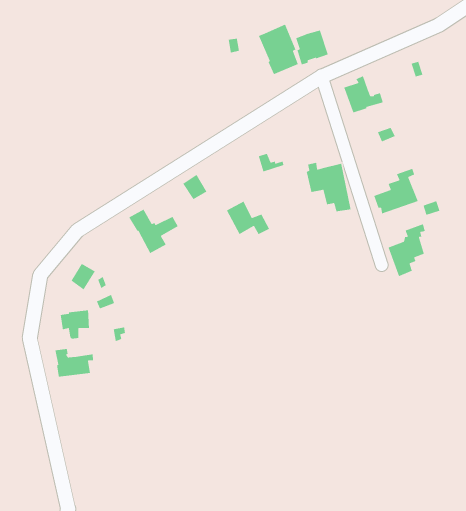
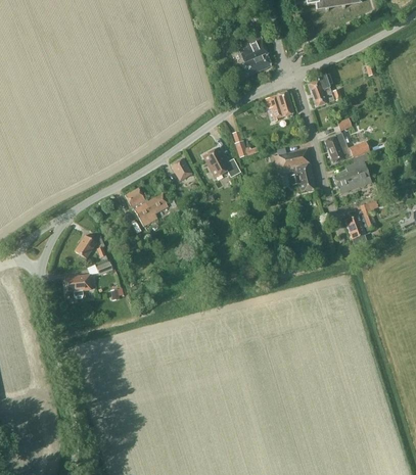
building: [295,29,329,66] -> [266,91,294,122]
building: none -> [324,133,370,162]
building: [226,200,270,235] -> [203,147,241,177]
building: [54,348,94,377] -> none

